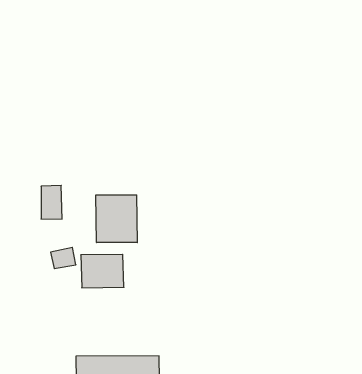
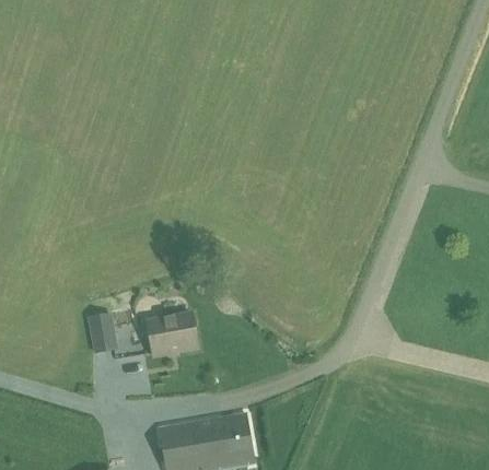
building: [41,185,62,219] -> [89,313,116,351]
building: [96,195,137,243] -> none

